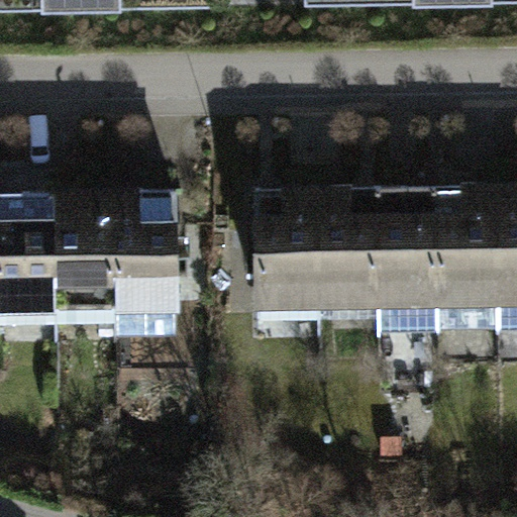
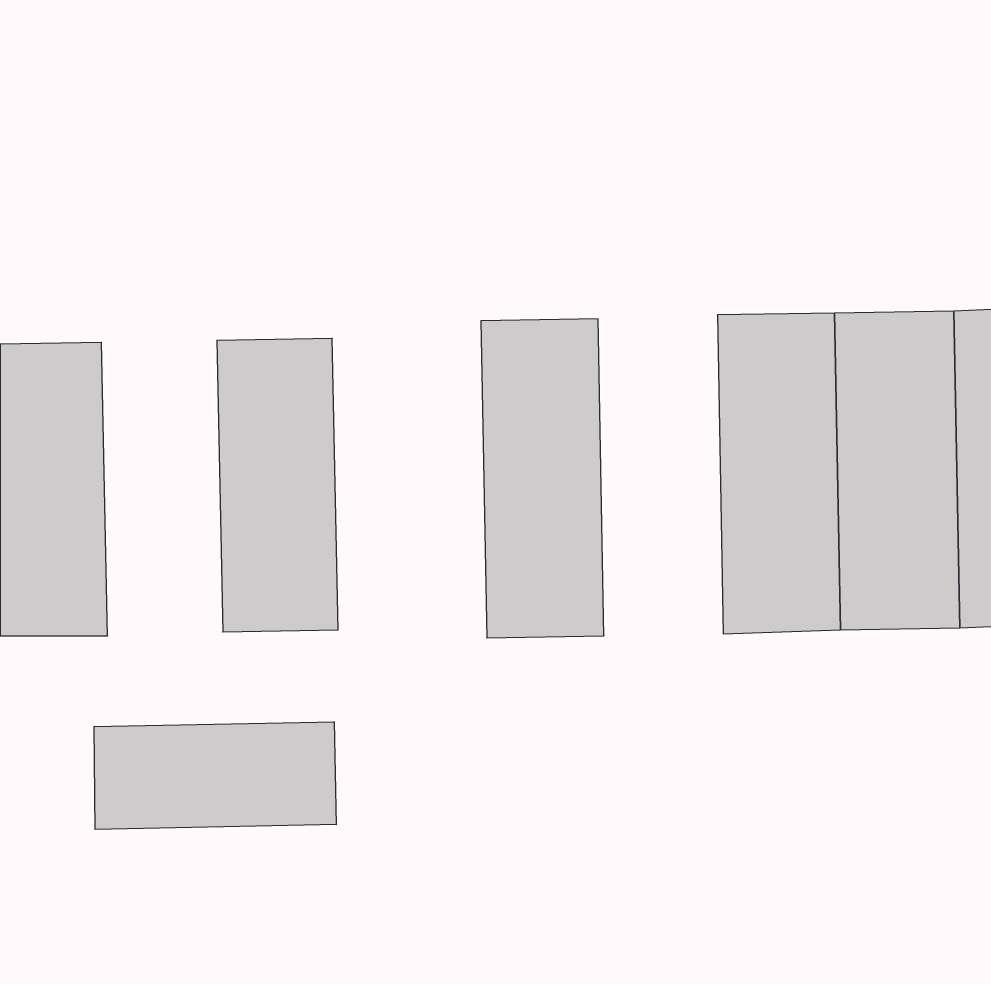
building: [313,171,378,336] -> none
building: [57,184,119,336] -> none
building: none -> [94,722,336,829]

